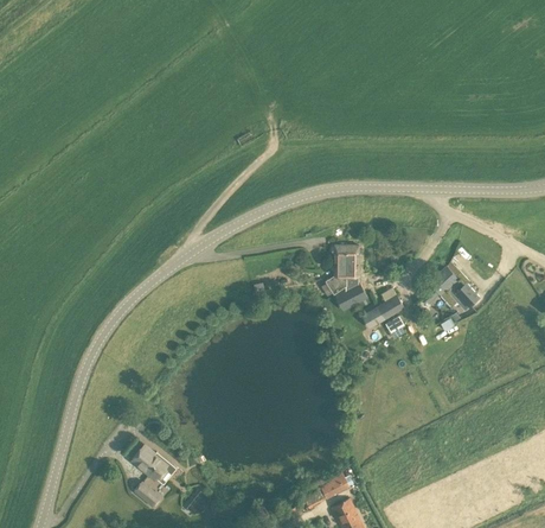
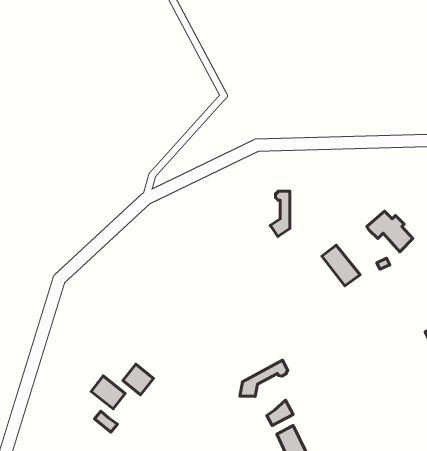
building: [340,246,366,306] -> none
building: none -> [240,360,288,396]
building: none -> [123,364,154,395]

